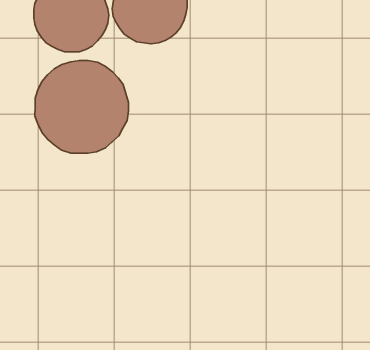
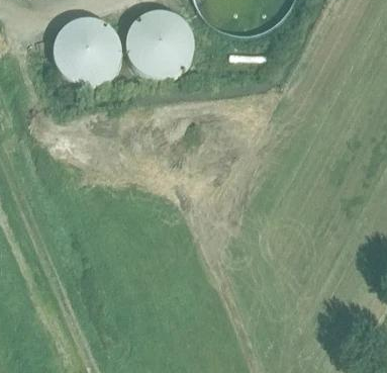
building: [35,61,129,153] -> none

